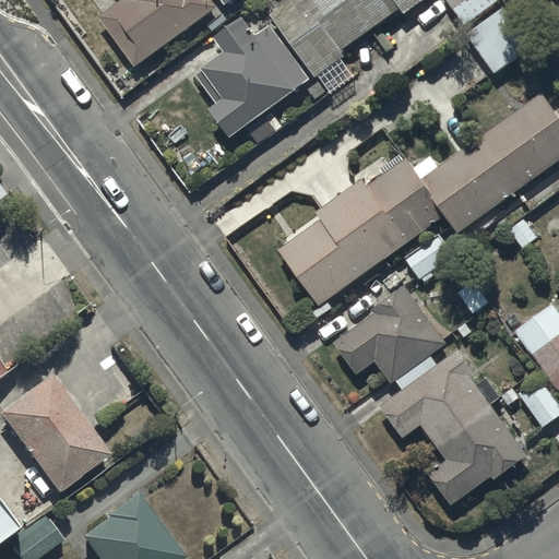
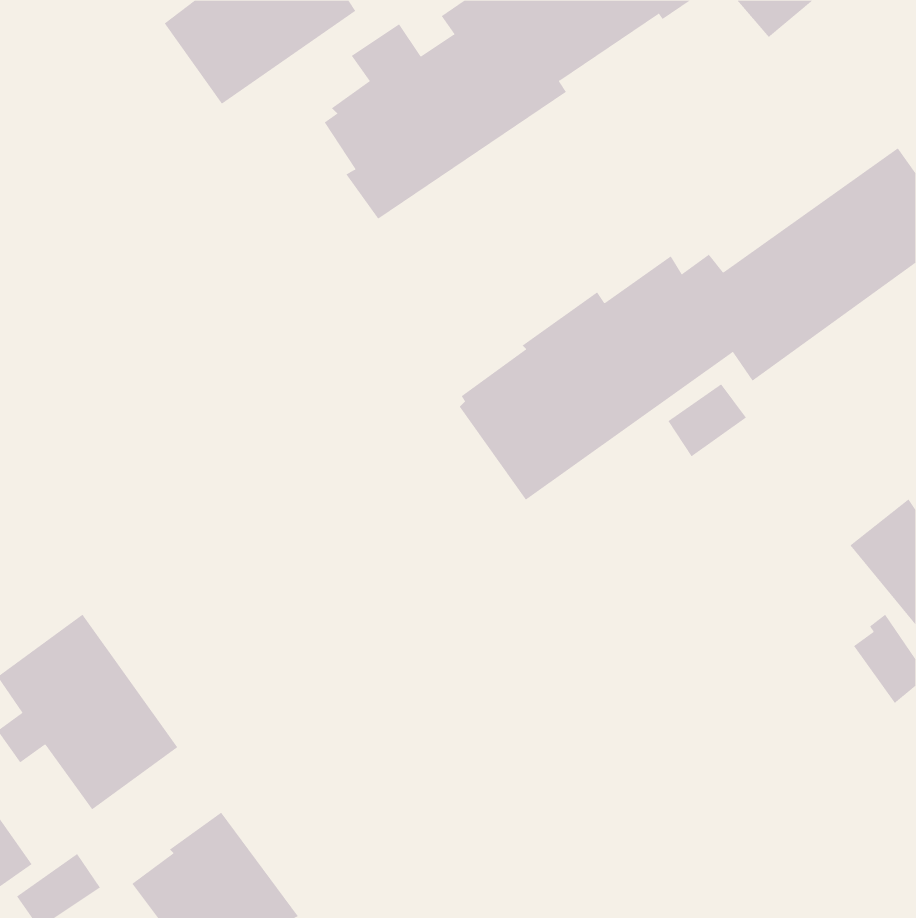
building: [465,5,533,73] -> none
building: [334,284,527,503] -> none

